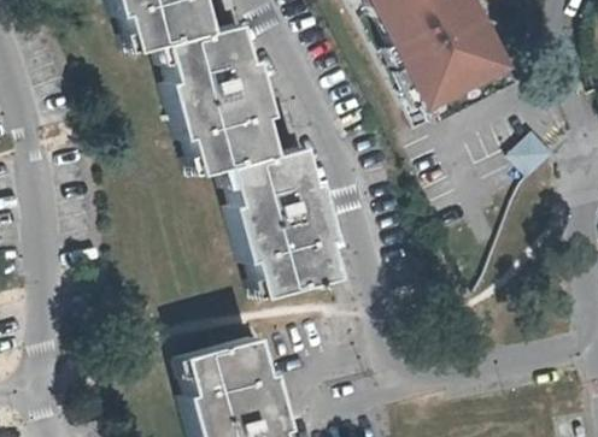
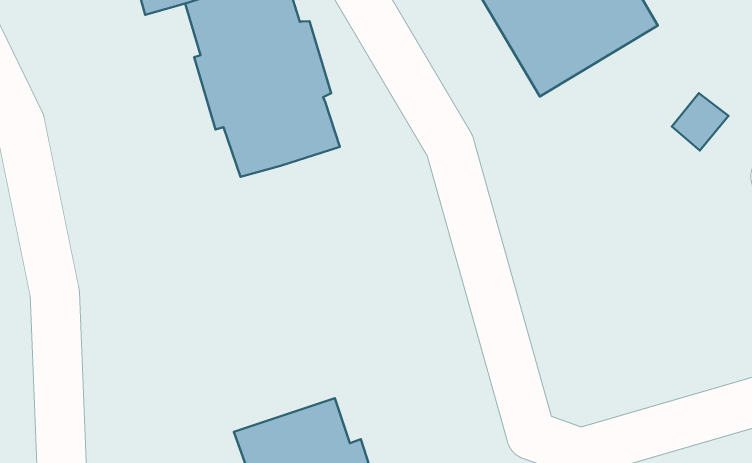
building: [229,144,335,293] -> none

